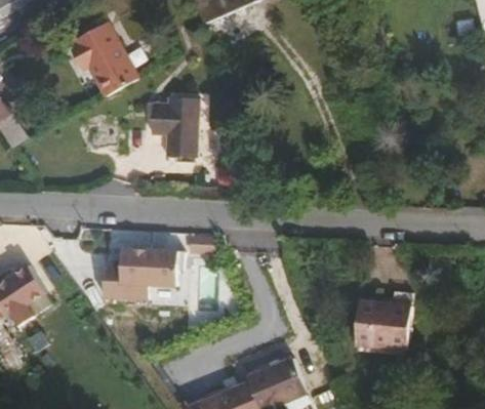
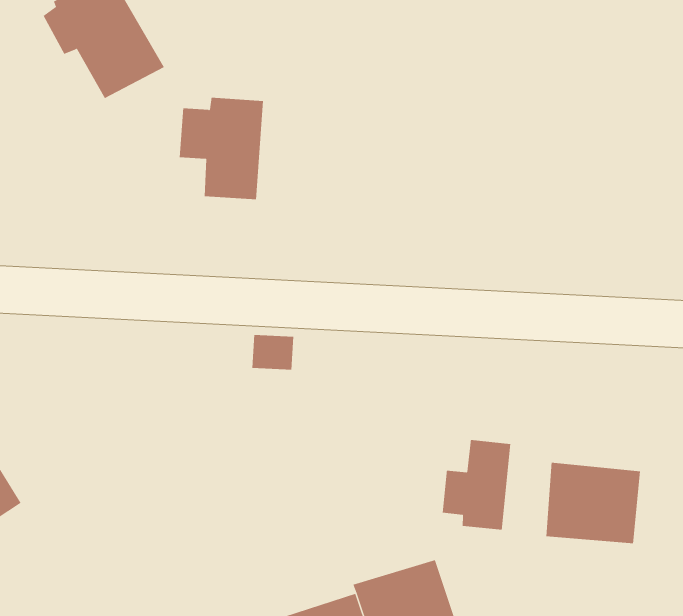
building: [100,245,174,298] -> none
building: none -> [442,439,511,530]

